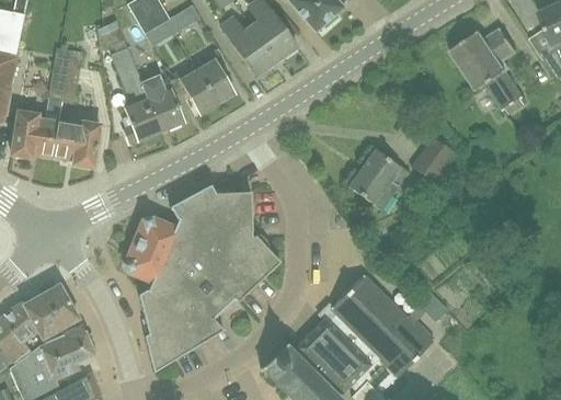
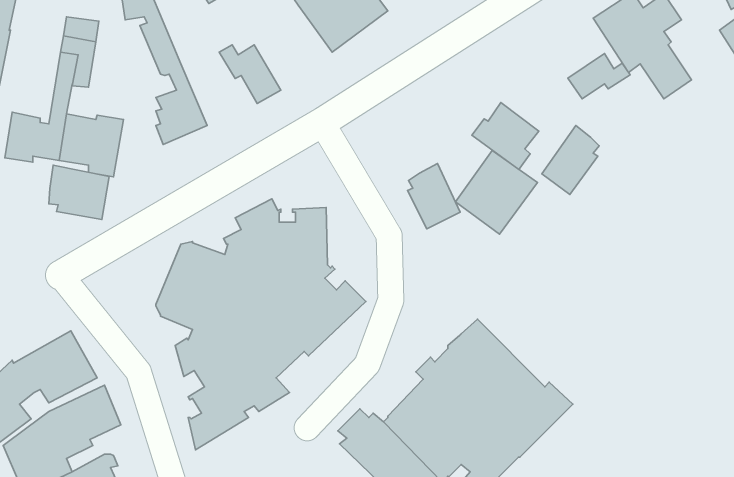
building: [197,49,234,103] -> none
building: none -> [568,54,630,99]
building: [142,77,184,129] -> none
building: none -> [472,103,539,169]
building: none -> [408,163,460,229]
building: none -> [49,165,109,219]

